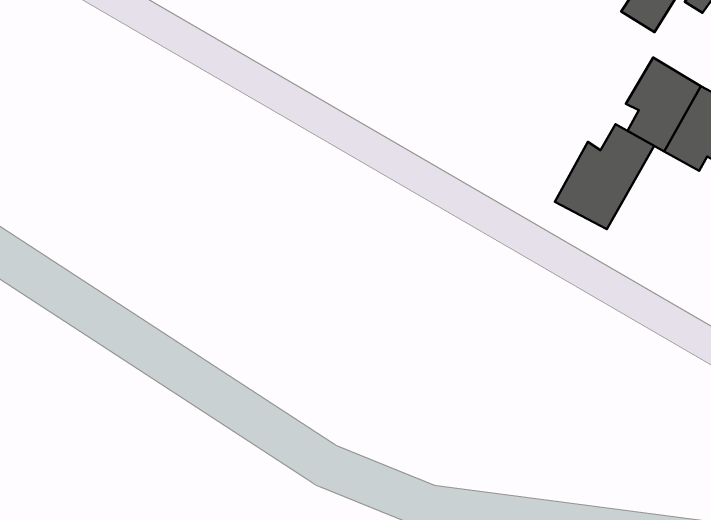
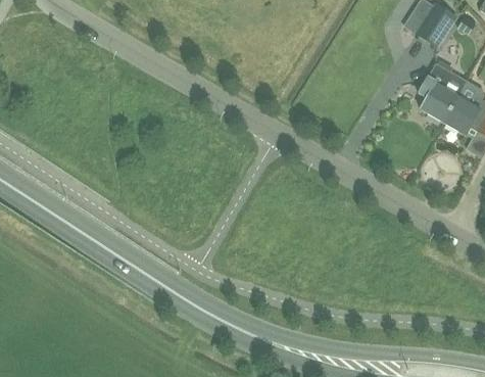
building: [555,124,654,229] -> none

